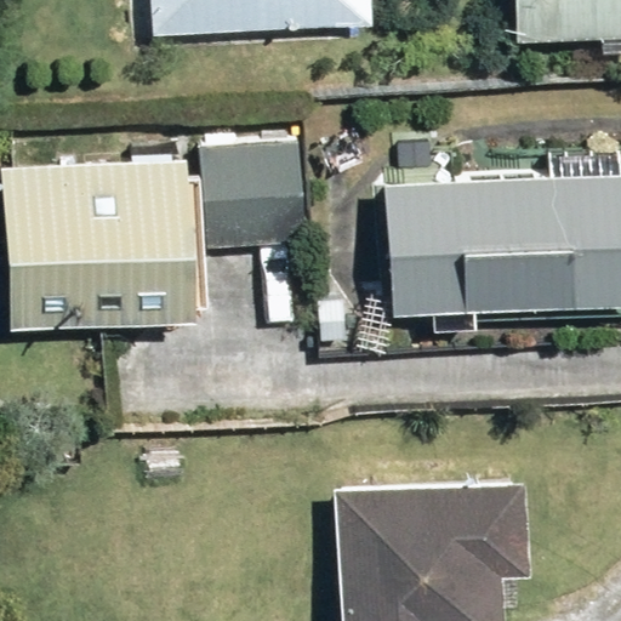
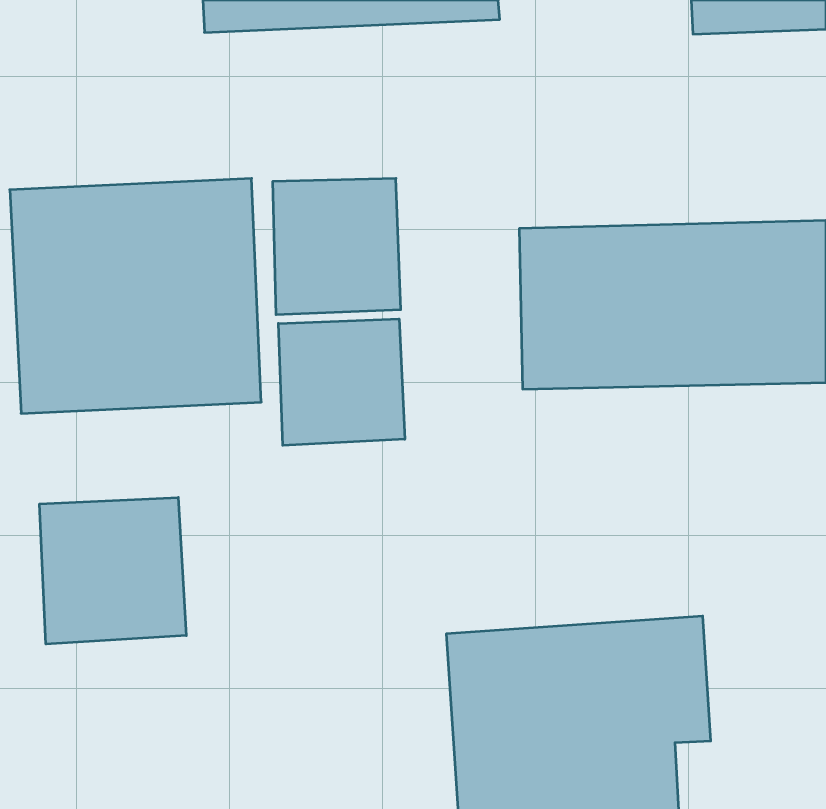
building: none -> [278,319,405,445]
building: none -> [40,497,186,644]

